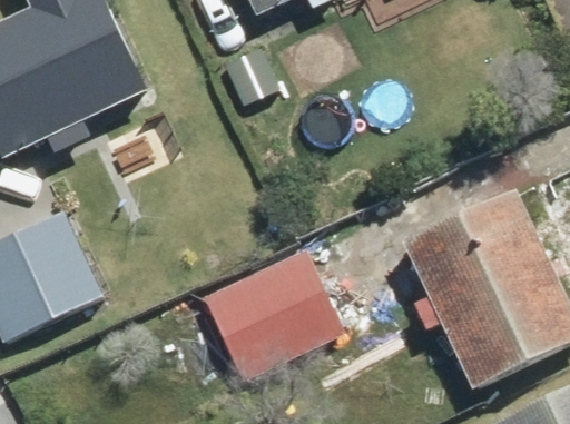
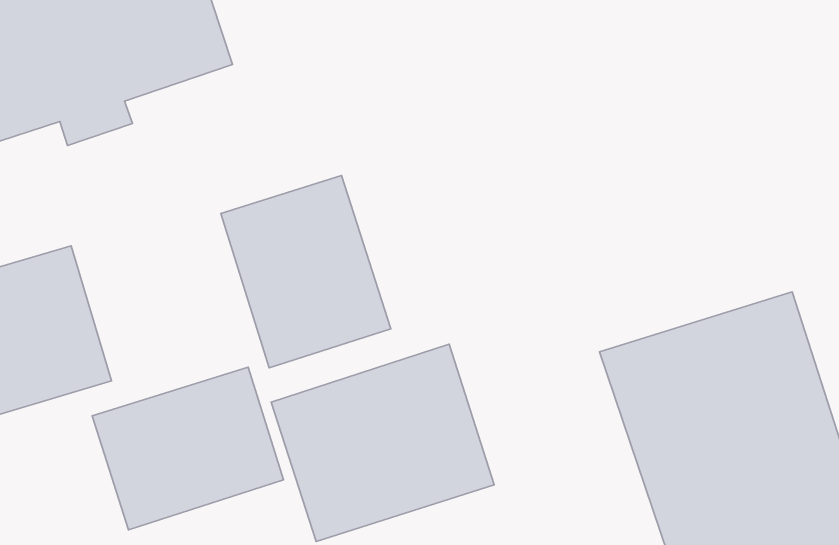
building: none -> [221,176,391,368]
building: none -> [92,367,283,530]

